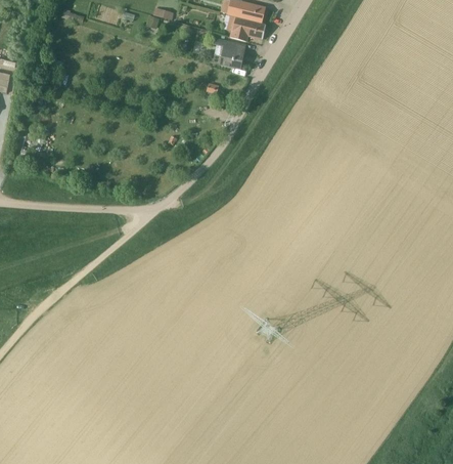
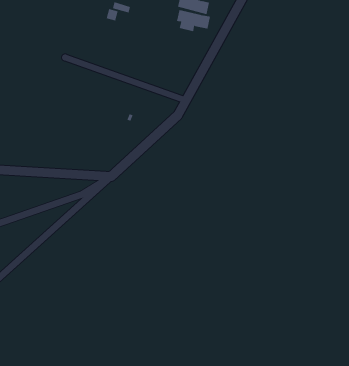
building: [207,36,245,67] -> none

